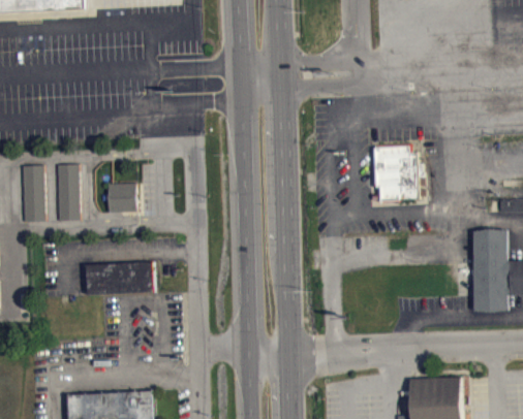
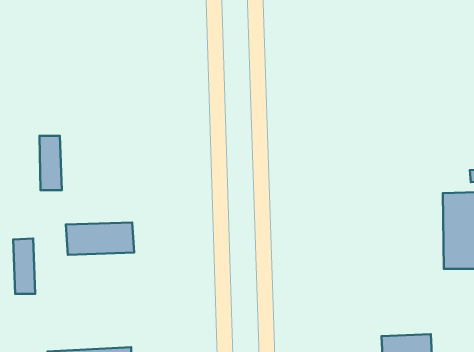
building: [375,153,420,207] -> none
building: [23,171,45,228] -> [13,239,35,294]
building: [109,190,137,219] -> none

